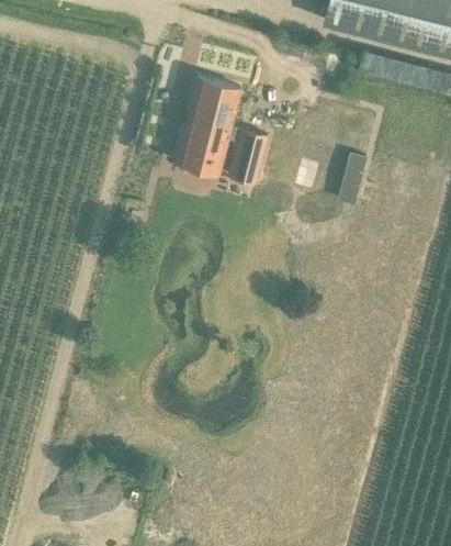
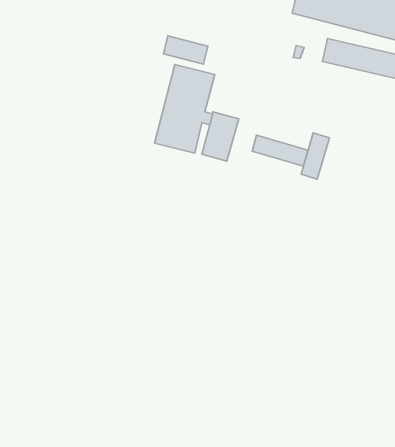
building: none -> [163,36,208,64]
building: none -> [252,135,308,166]

